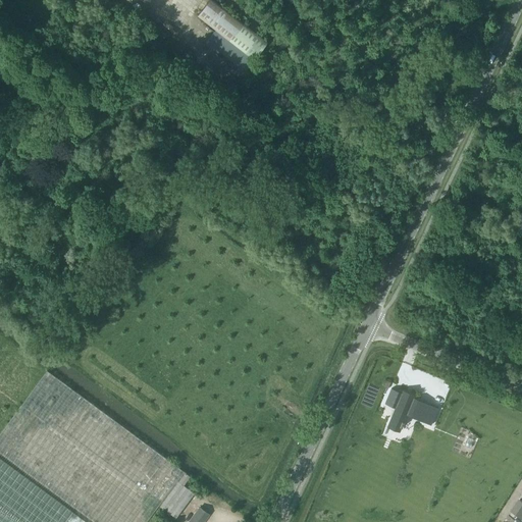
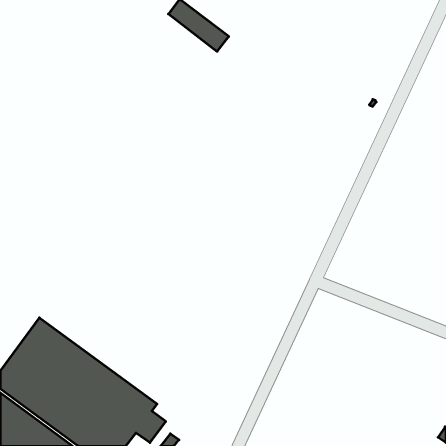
building: [385,389,437,431] -> none

